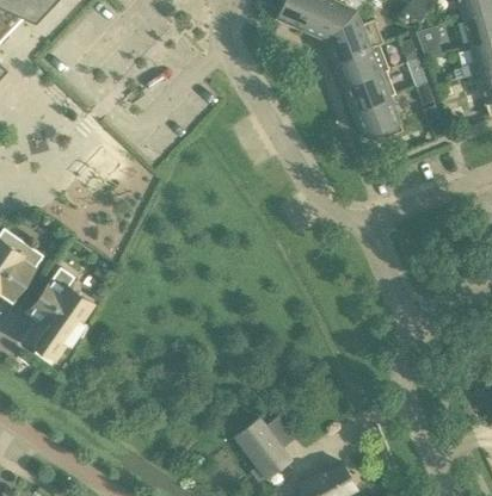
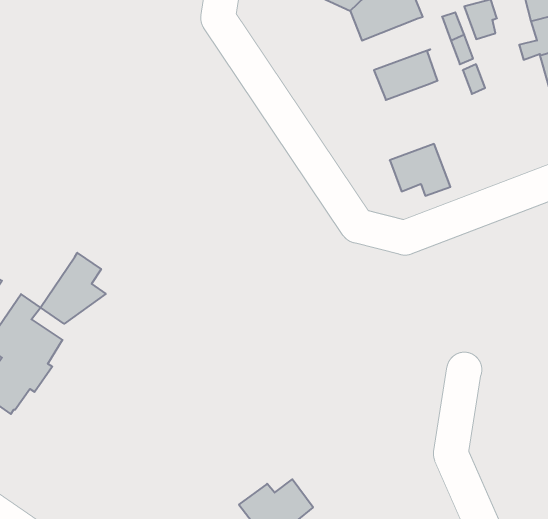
building: [334,44,389,86] -> none
building: [353,97,402,138] -> [390,144,450,196]
building: none -> [40,253,106,324]

